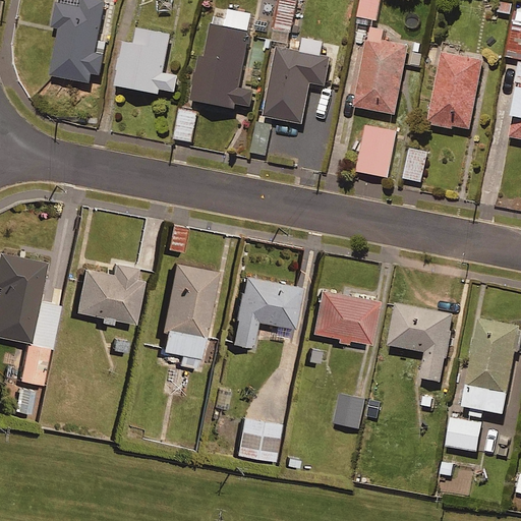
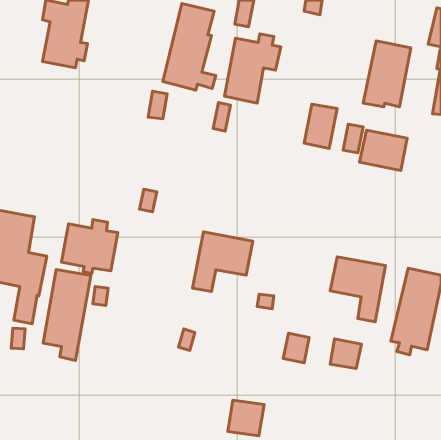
building: [113,27,177,96] -> none
building: [354,28,407,115] -> none
building: none -> [359,130,407,171]
building: [157,263,213,369] -> [43,269,91,360]
building: [309,289,373,345] -> none
building: [234,418,277,460] -> [228,400,264,436]
building: [445,418,481,453] -> [330,339,361,368]

